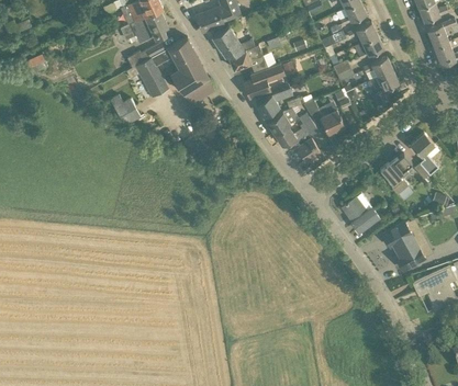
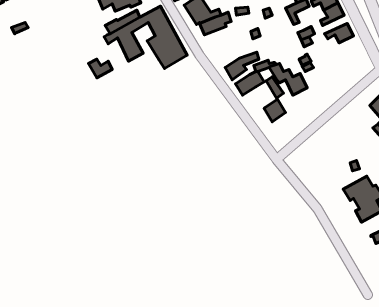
building: [243,63,283,98] -> none
building: [367,69,398,104] -> none
building: [273,123,311,146] -> none
building: [379,154,411,194] -> none
building: [342,196,378,231] -> none

